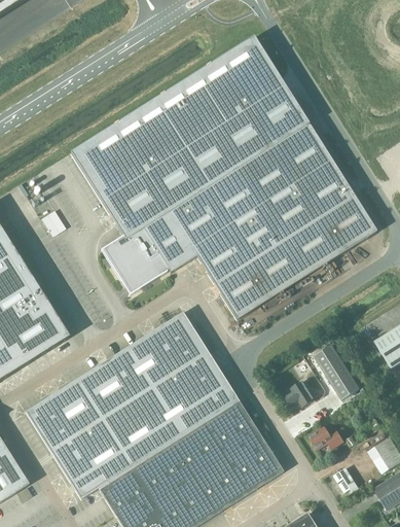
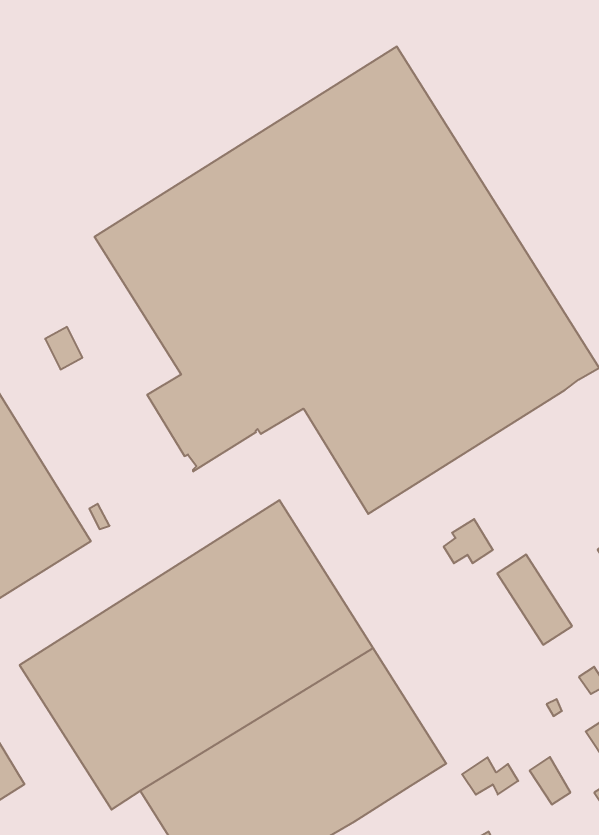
building: [285,381,315,408] -> [444,519,493,563]
building: [310,426,343,449] -> [462,757,518,795]

